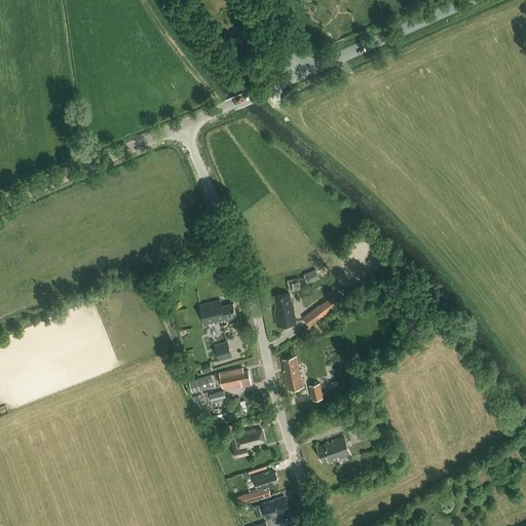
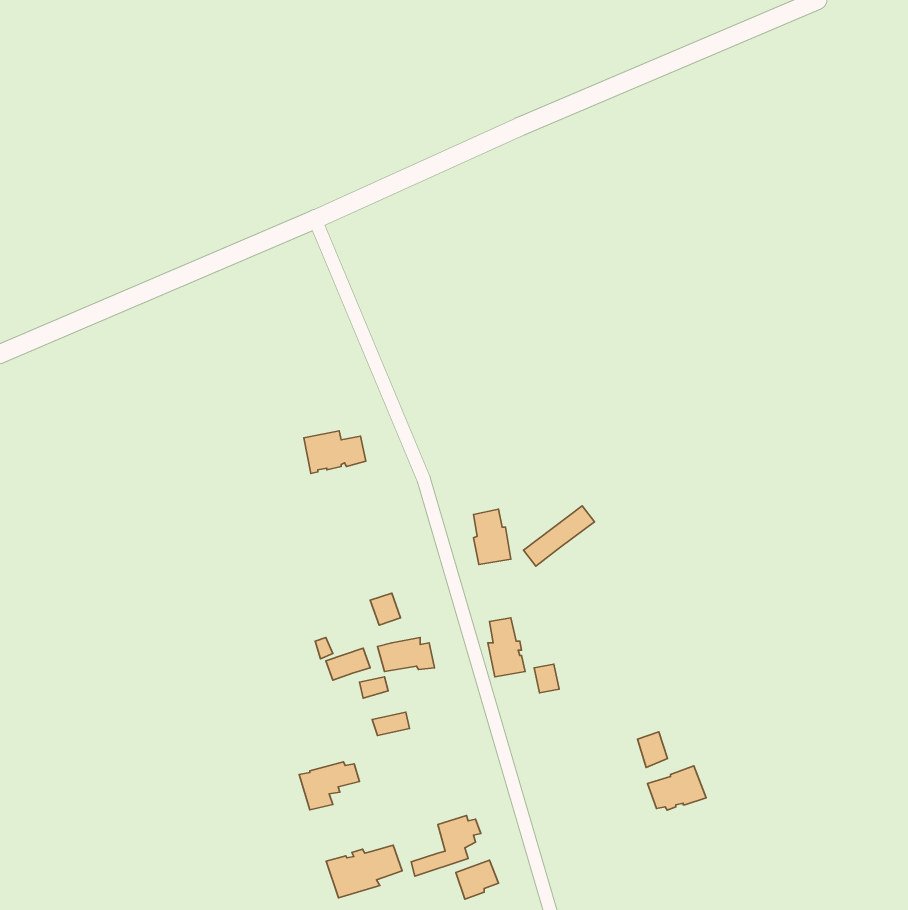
building: [199,301,235,326] -> [304,431,366,474]
building: [229,429,264,457] -> [299,762,360,810]
building: [316,436,350,461] -> [647,766,706,810]
building: none -> [326,845,402,898]

